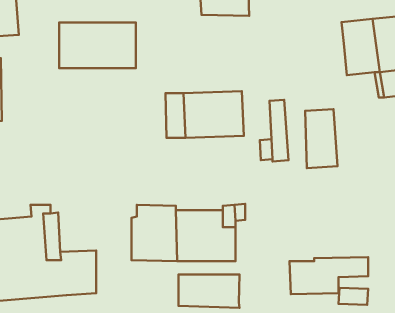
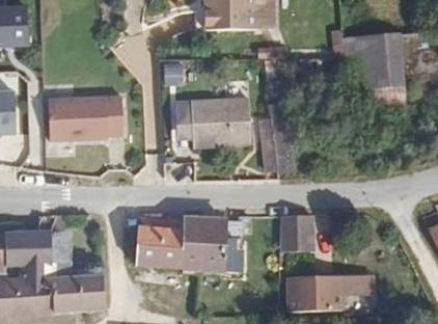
building: [59,22,136,68] -> [44,97,118,141]
building: [305,109,337,168] -> none
building: none -> [275,218,307,258]
building: [179,275,240,308] -> none

